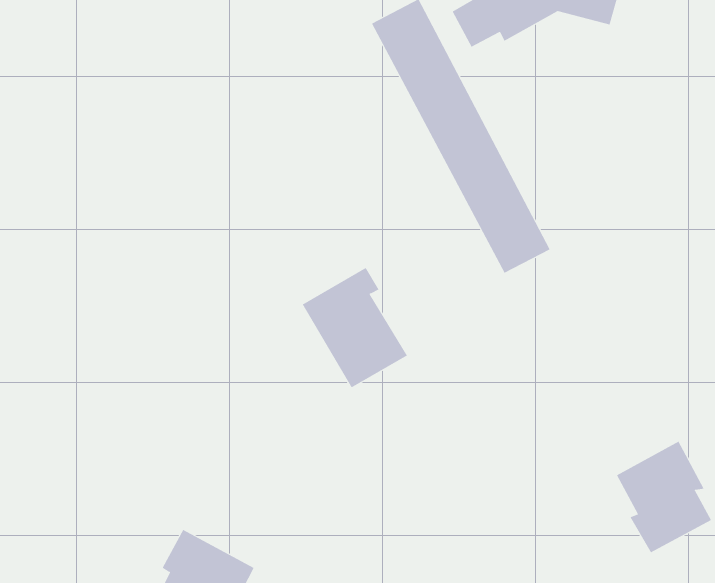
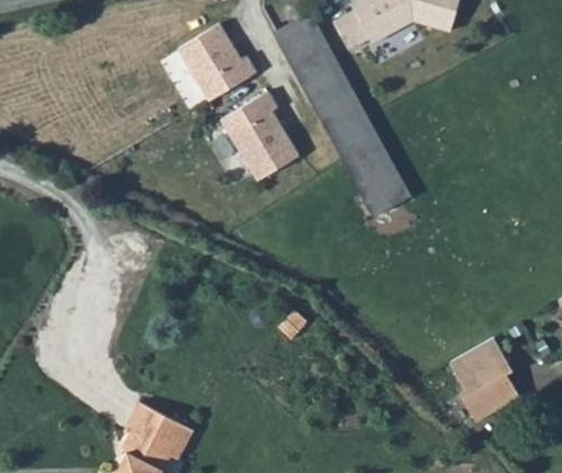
building: none -> [178,23,257,99]
building: [302,267,408,388] -> [219,91,298,180]

